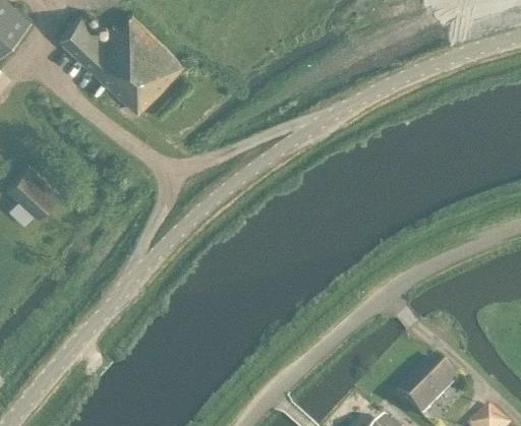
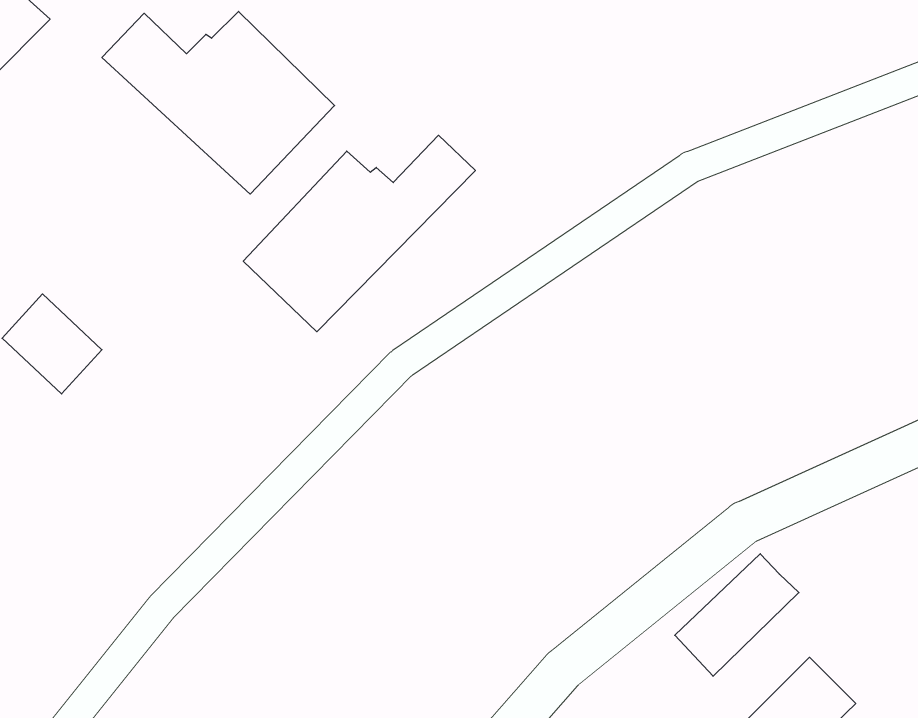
building: none -> [243,135,475,332]
building: none -> [675,554,799,676]

